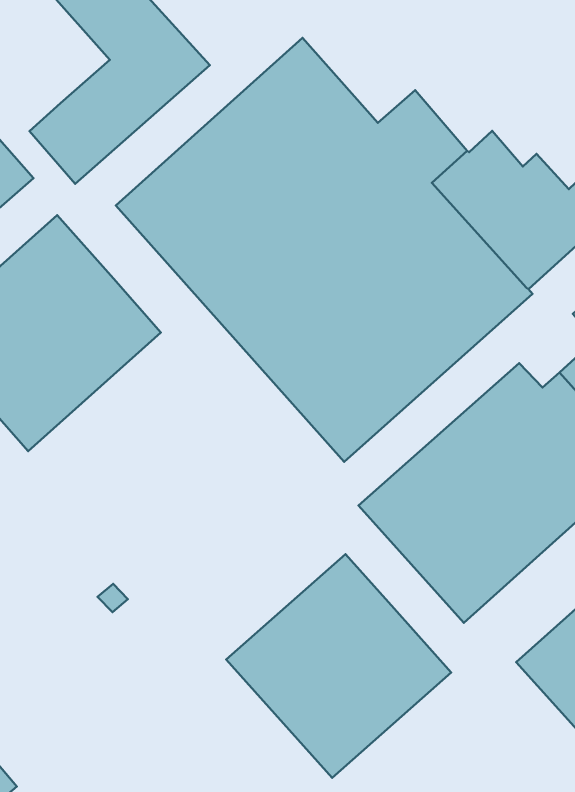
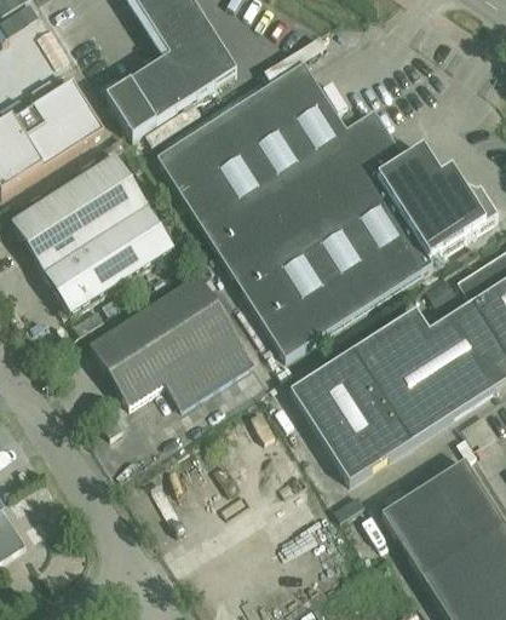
building: none -> [90,272,261,418]
building: [226,554,451,778] -> none

